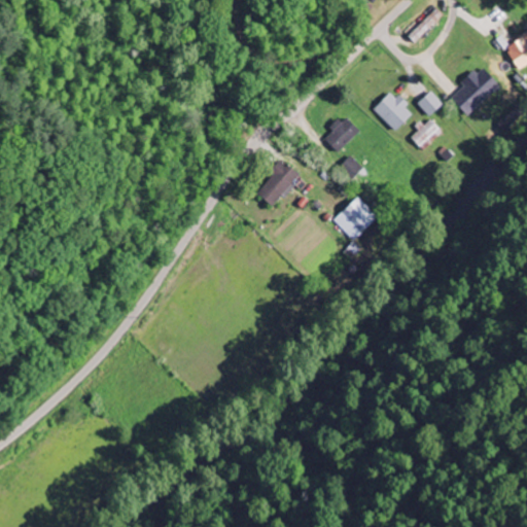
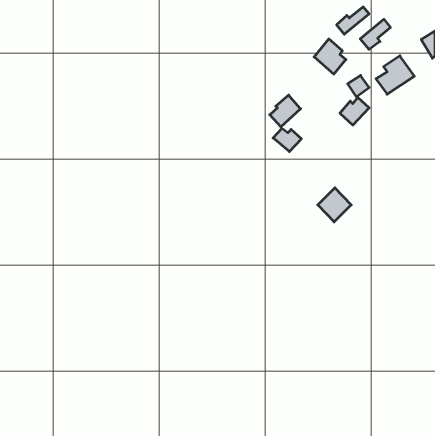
building: none -> [360,19,390,49]
building: [374,89,412,131] -> [314,39,346,74]
building: [255,159,300,206] -> none
building: [332,199,373,240] -> [318,188,351,222]

